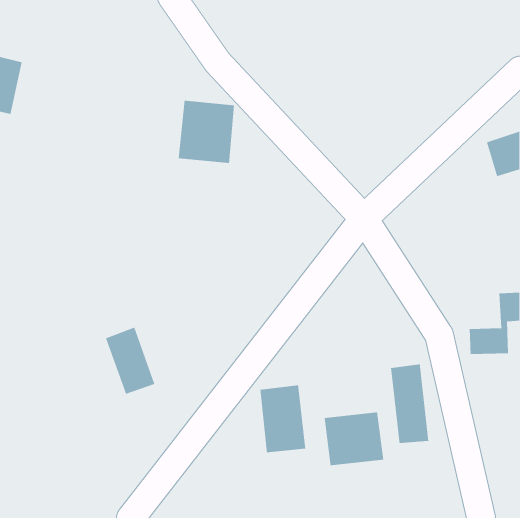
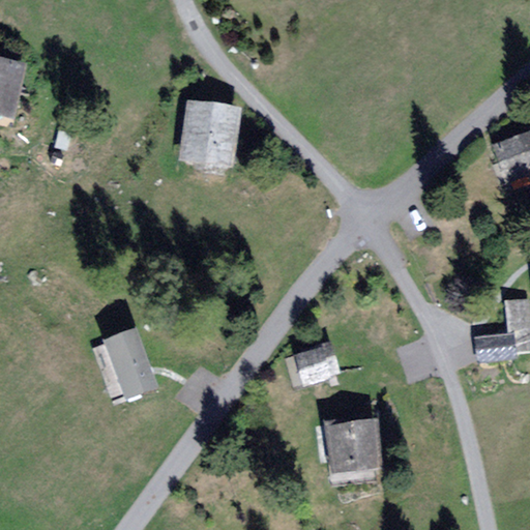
building: none -> [297,348,331,384]
building: [391,364,429,444] -> none
building: [260,384,306,453] -> none

